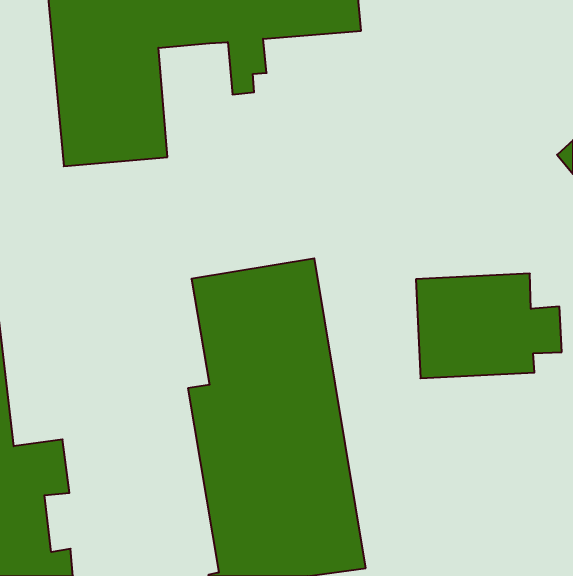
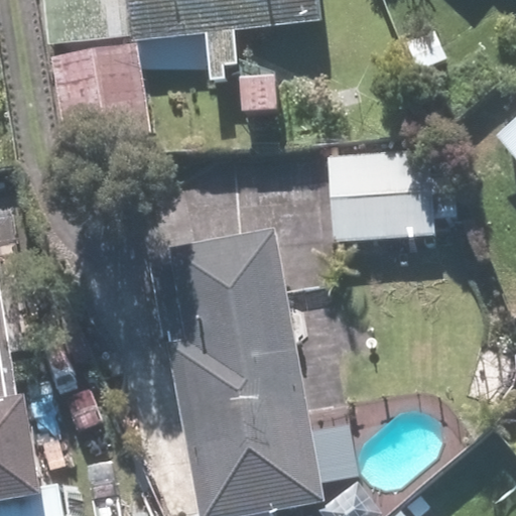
building: [416,274,562,378] -> [325,148,454,241]

